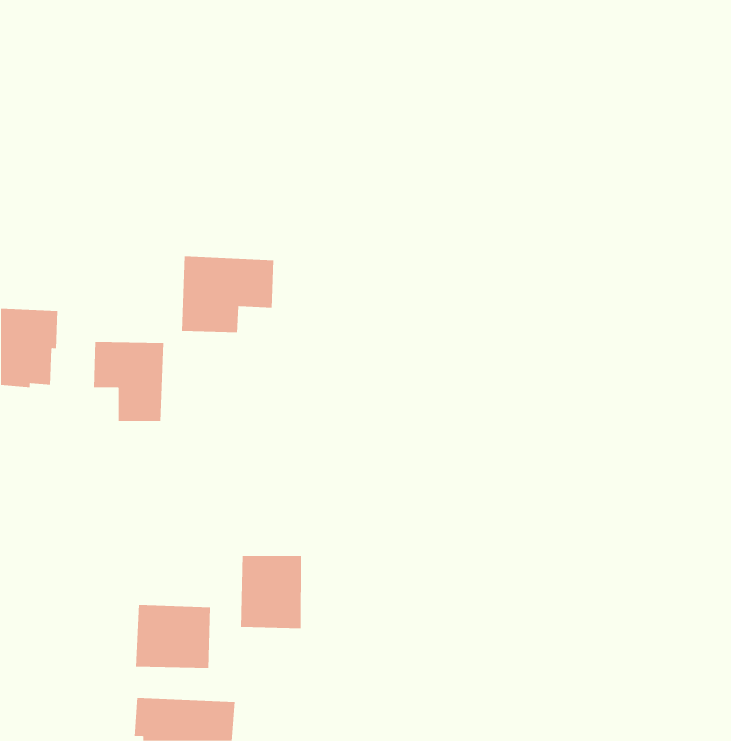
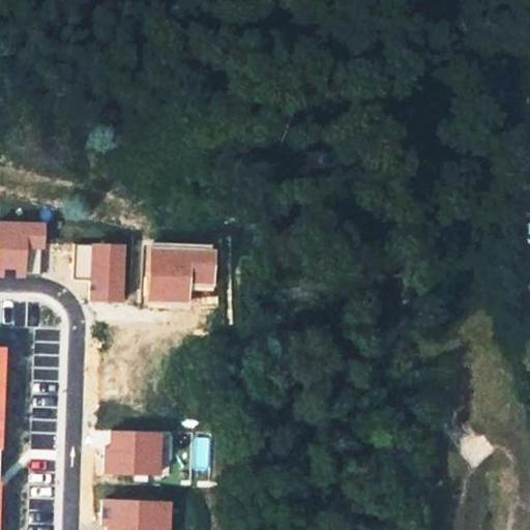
building: [181,256,274,333] -> [143,247,209,302]
building: [240,555,302,629] -> none

